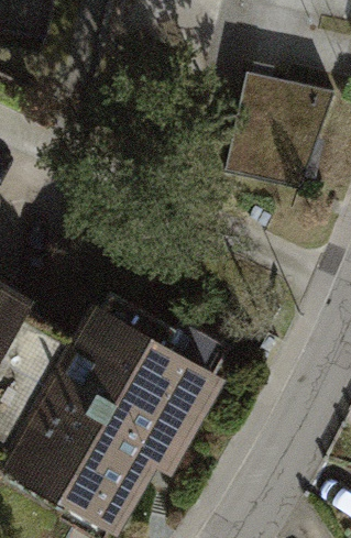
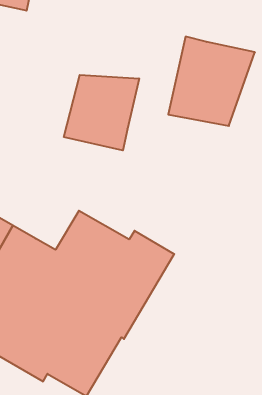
building: none -> [64,75,139,150]

